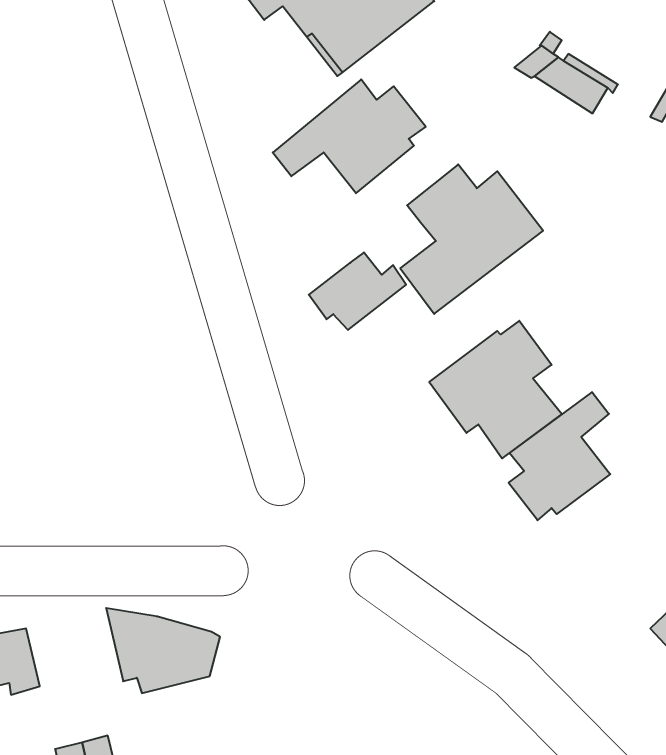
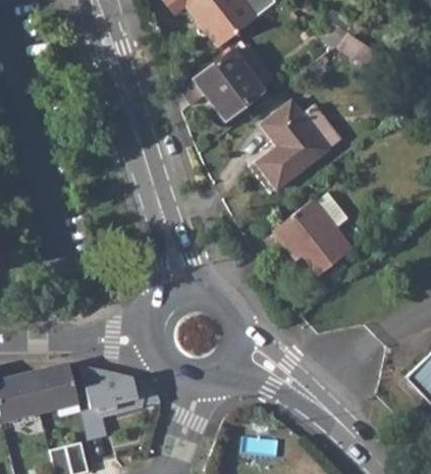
building: [309,252,406,330] -> none
building: [509,392,610,520] -> none
building: none -> [32,365,76,413]

